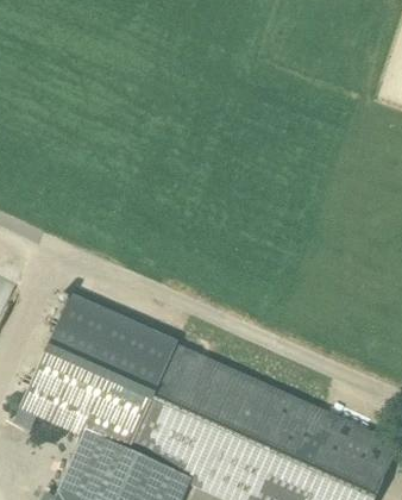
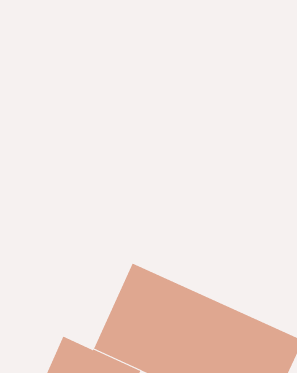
building: [21,298,177,457] -> none

